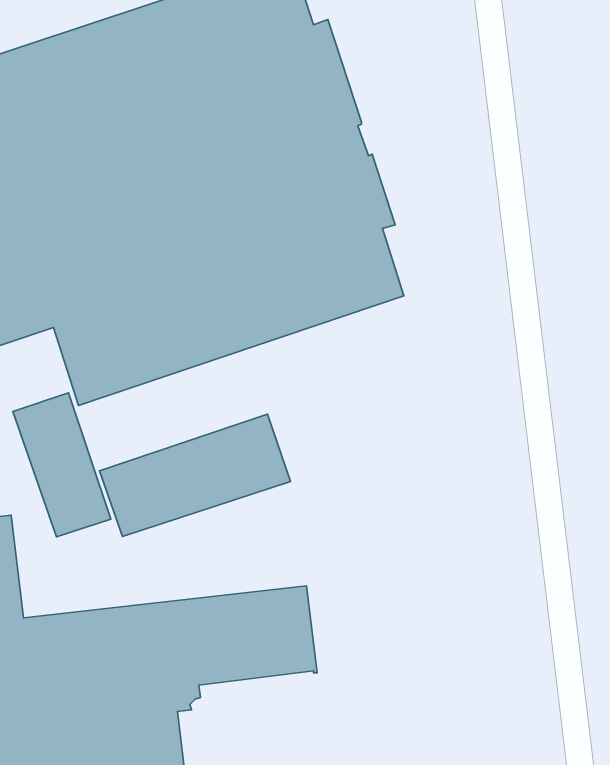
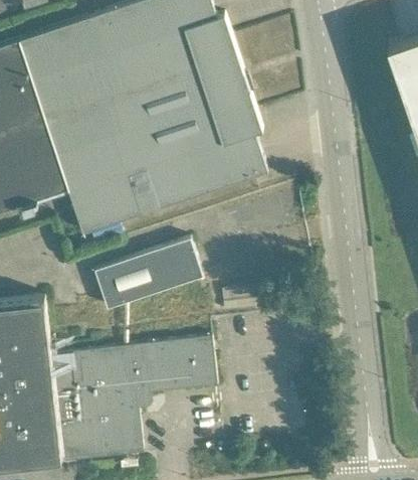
building: [13,393,111,537] -> none

